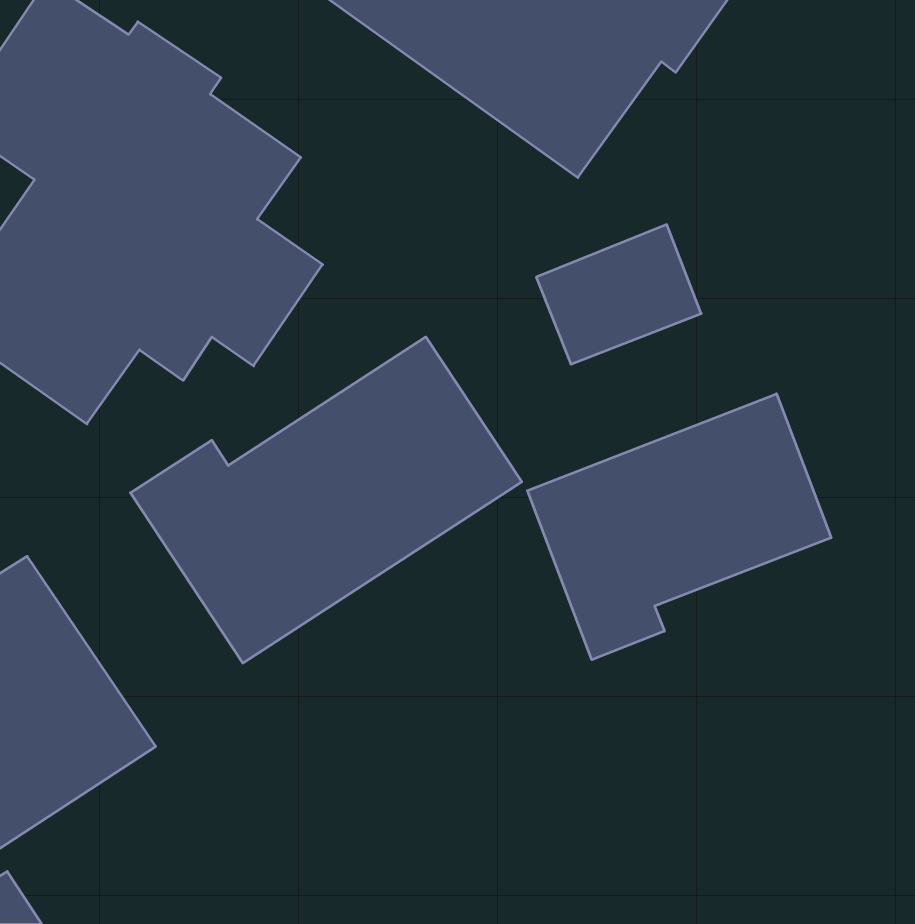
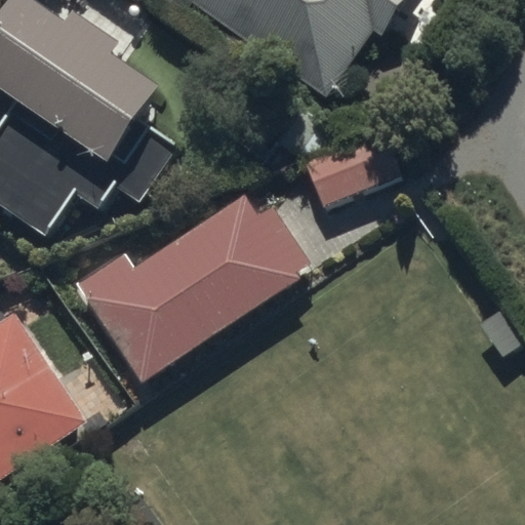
building: [527,394,831,660] -> none

